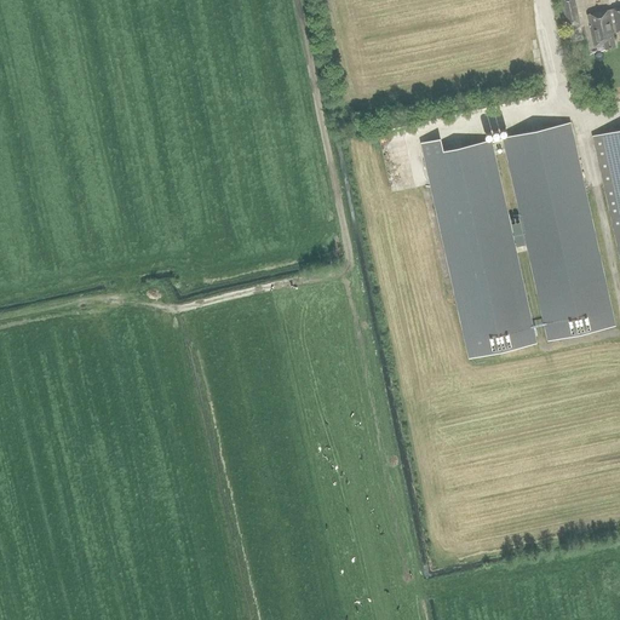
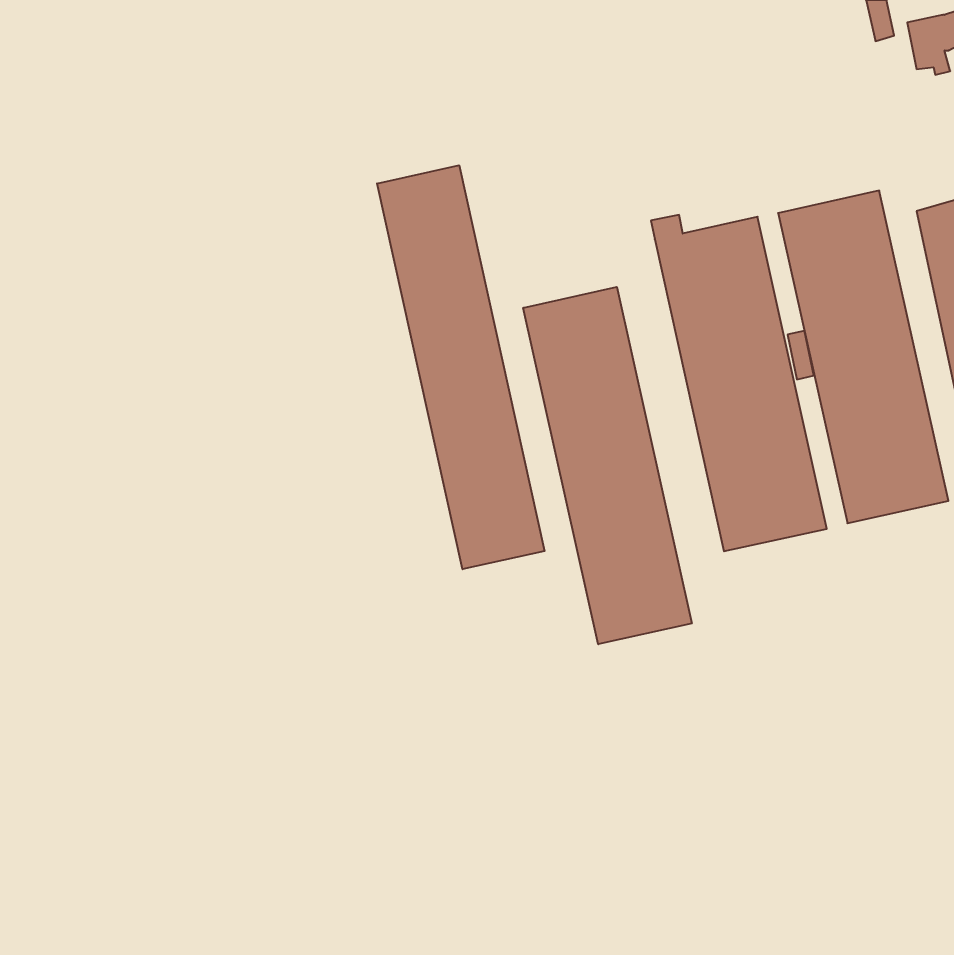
building: none -> [377,165,545,569]
building: none -> [523,287,692,644]

